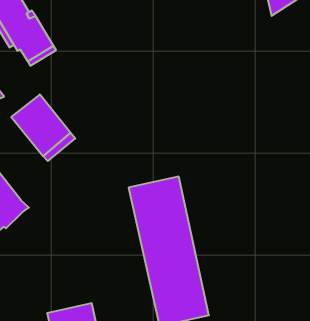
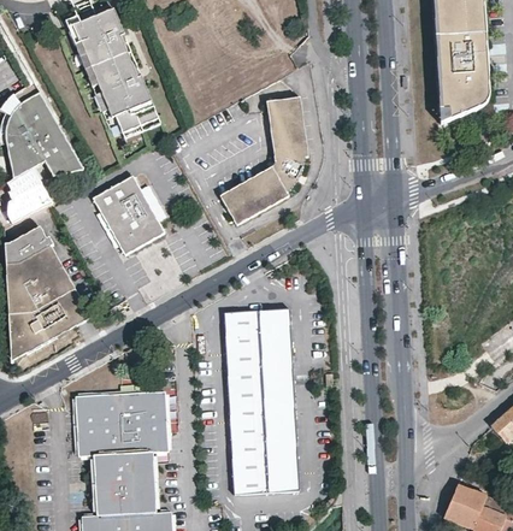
building: none -> [218,93,307,225]
building: none -> [73,390,167,456]

